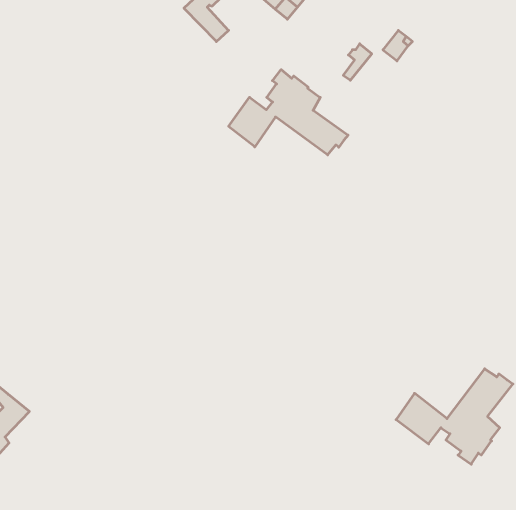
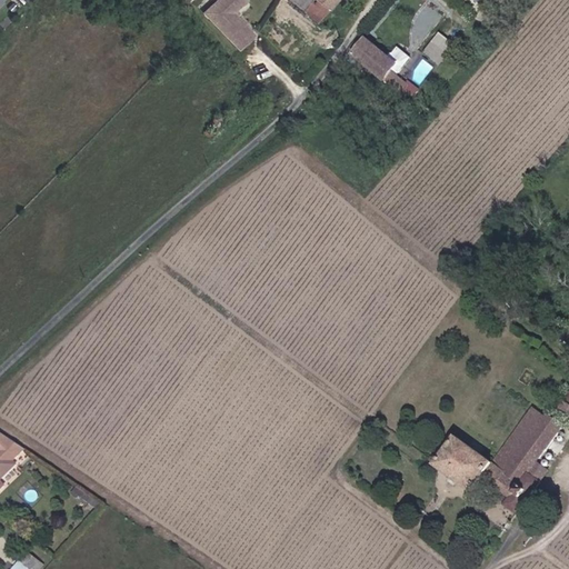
building: none -> [345,42,388,82]
building: [229,70,348,155] -> none

